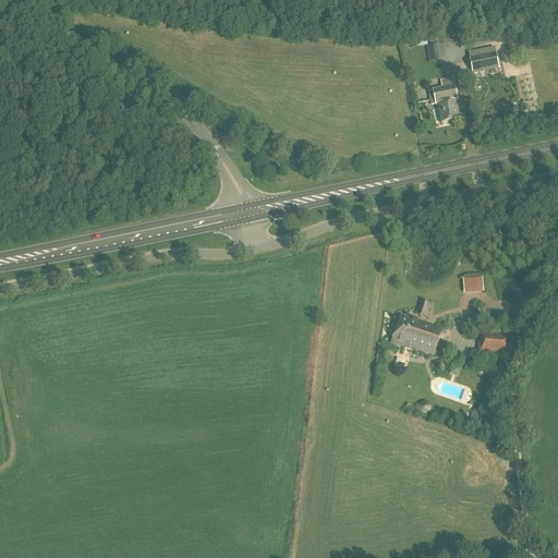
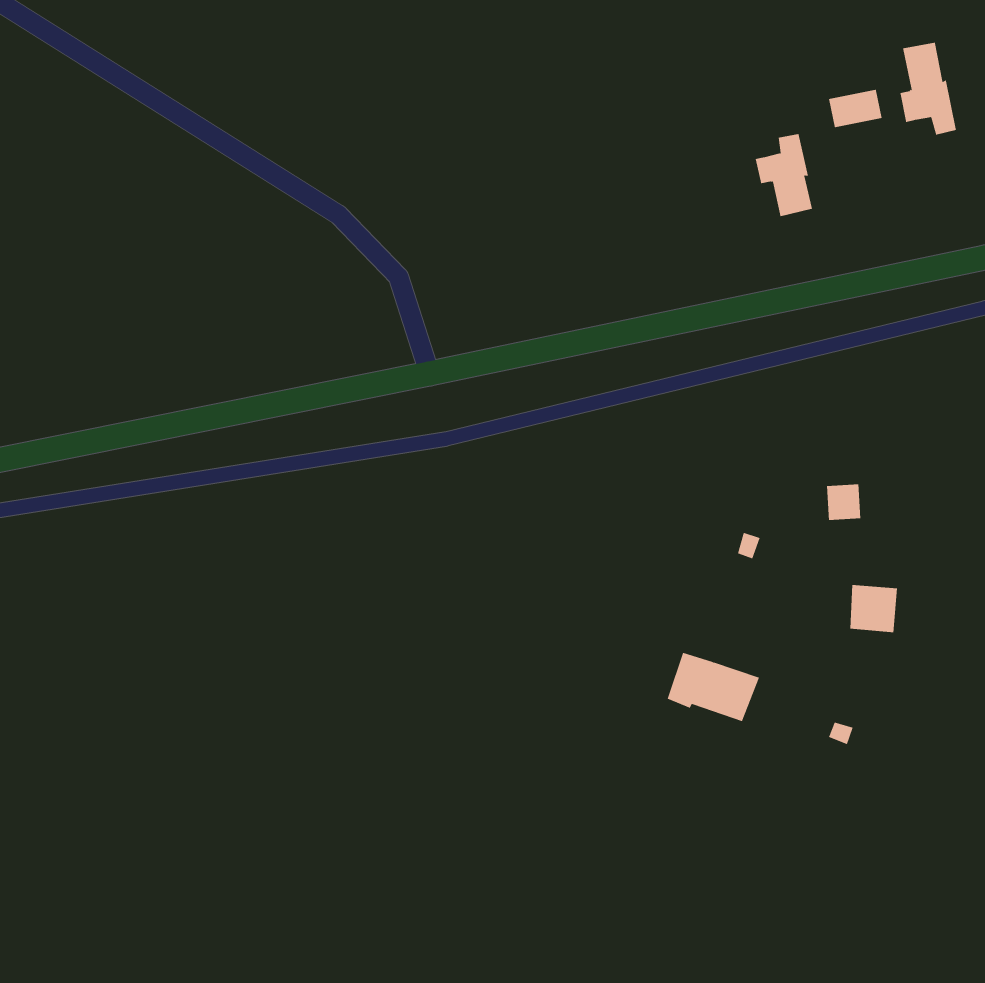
building: none -> [900,42,956,136]
building: [389,314,441,353] -> [667,652,760,722]

